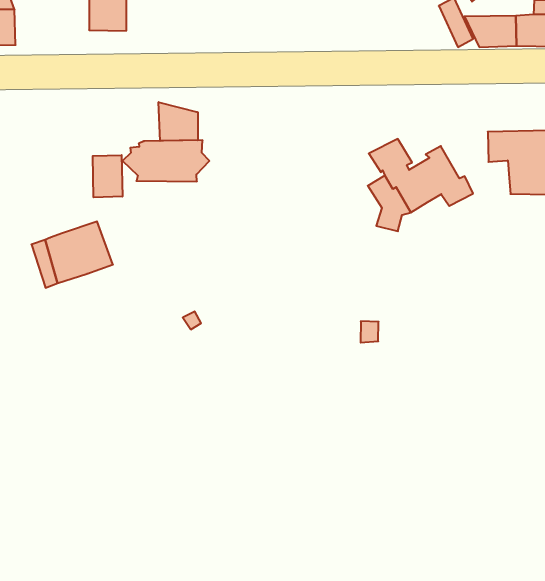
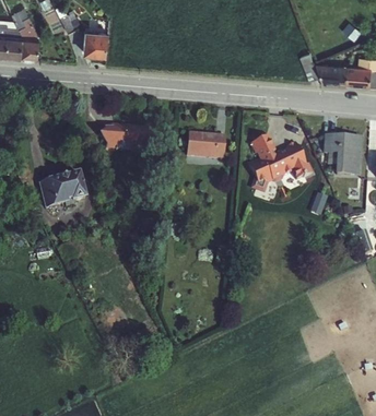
building: [159,102,198,141] -> none
building: none -> [186,131,225,158]
building: [93,155,122,197] -> none

